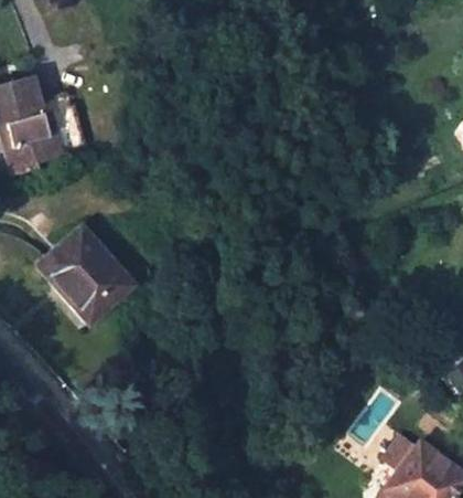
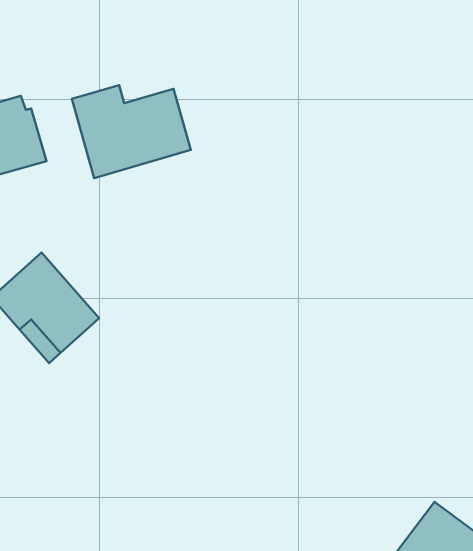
building: none -> [72,85,191,178]

